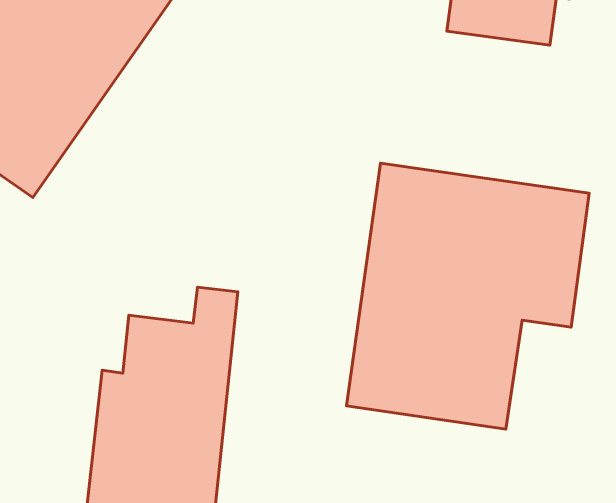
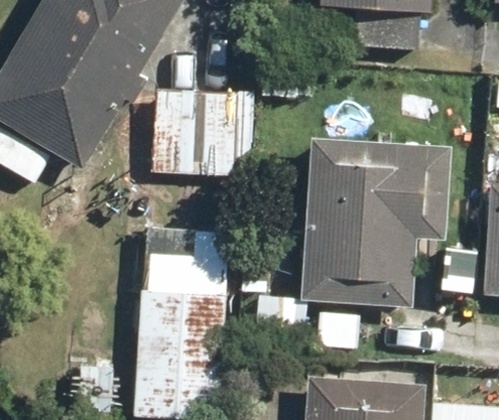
building: none -> [148,89,252,172]

